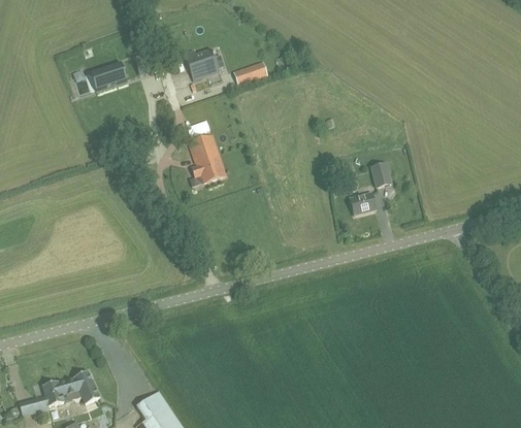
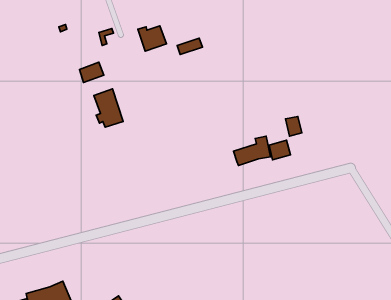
building: [96,61,127,87] -> [79,62,104,83]
building: [188,134,225,183] -> [94,89,123,127]
building: none -> [233,136,270,166]

